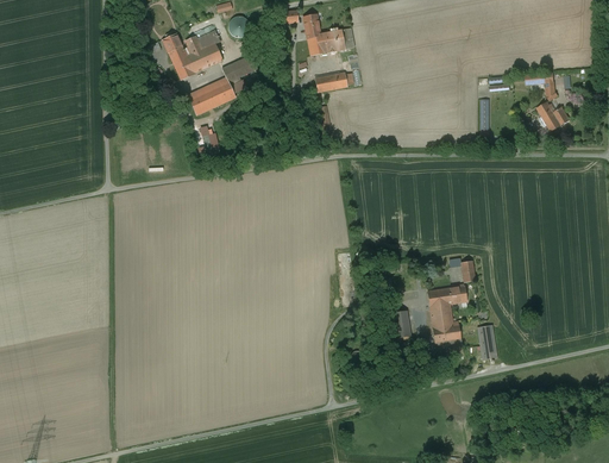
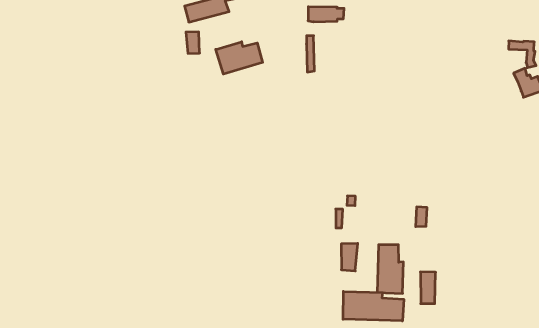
building: none -> [216,42,263,74]
building: [427,286,466,307] -> none
building: none -> [343,291,404,321]

